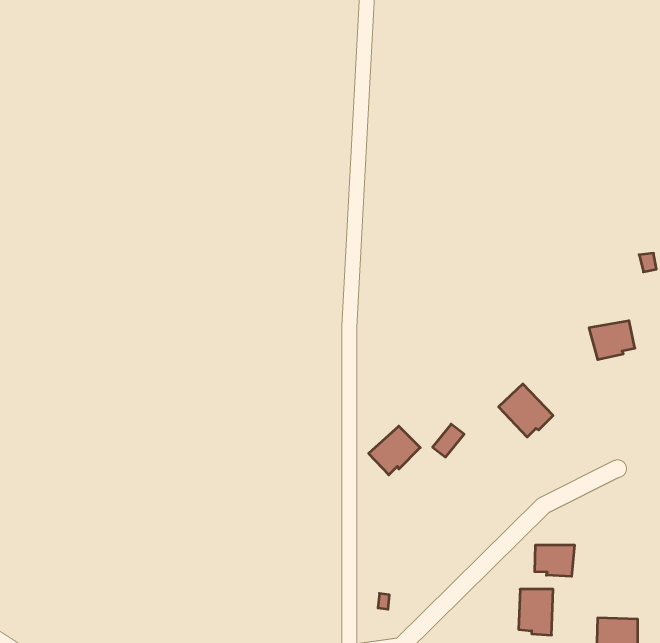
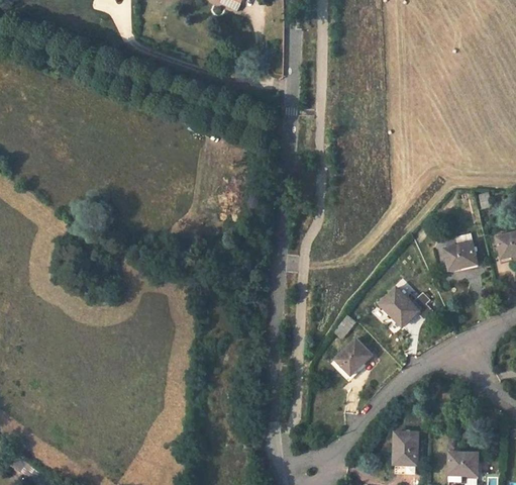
building: [369,426,420,475] -> [334,340,371,374]
building: [535,545,574,576] -> none

